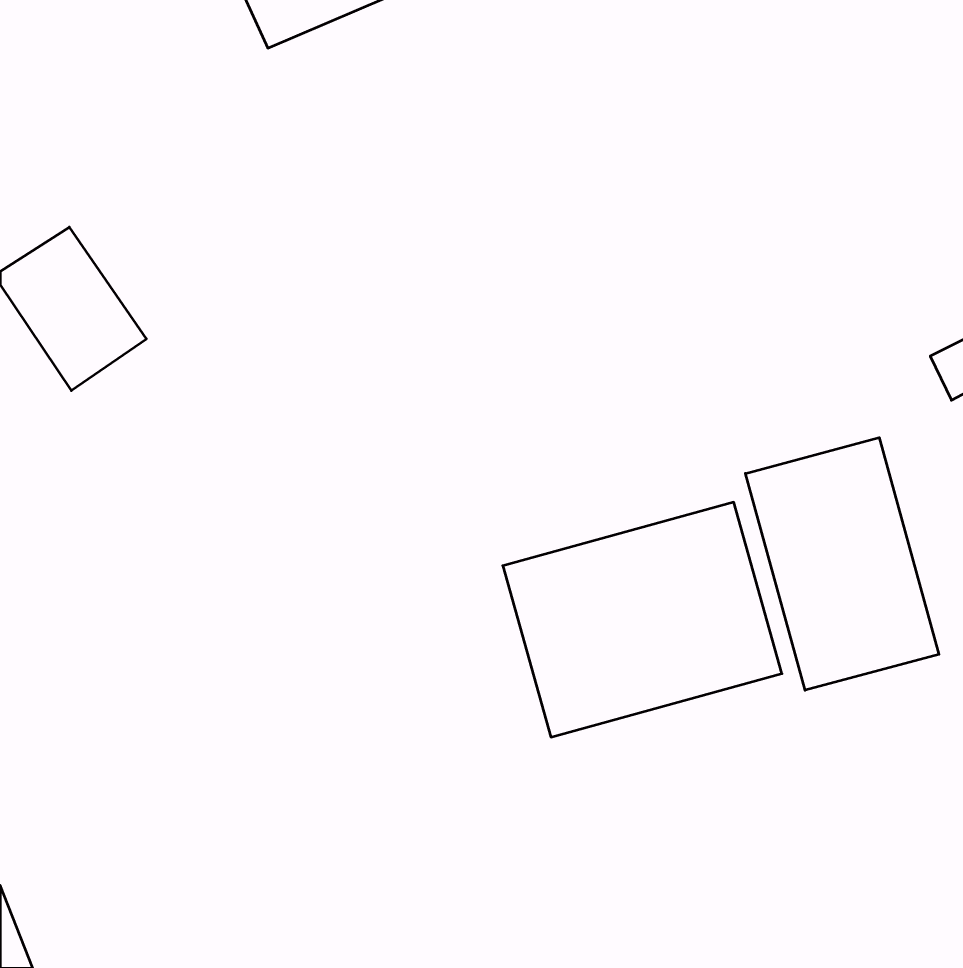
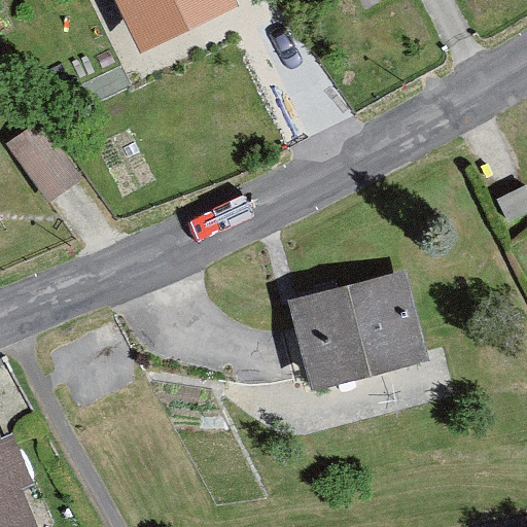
building: [745,438,939,690] -> none

